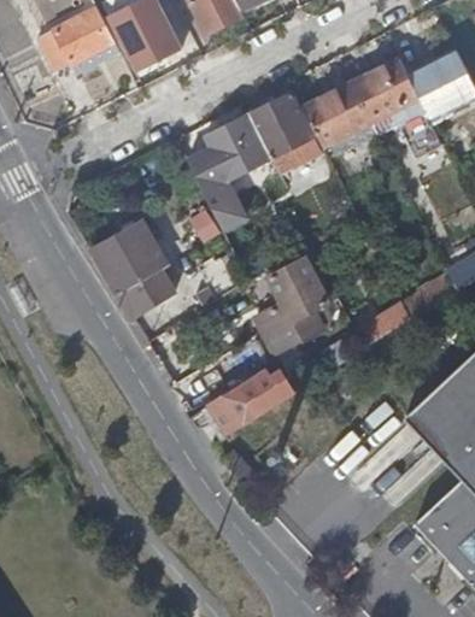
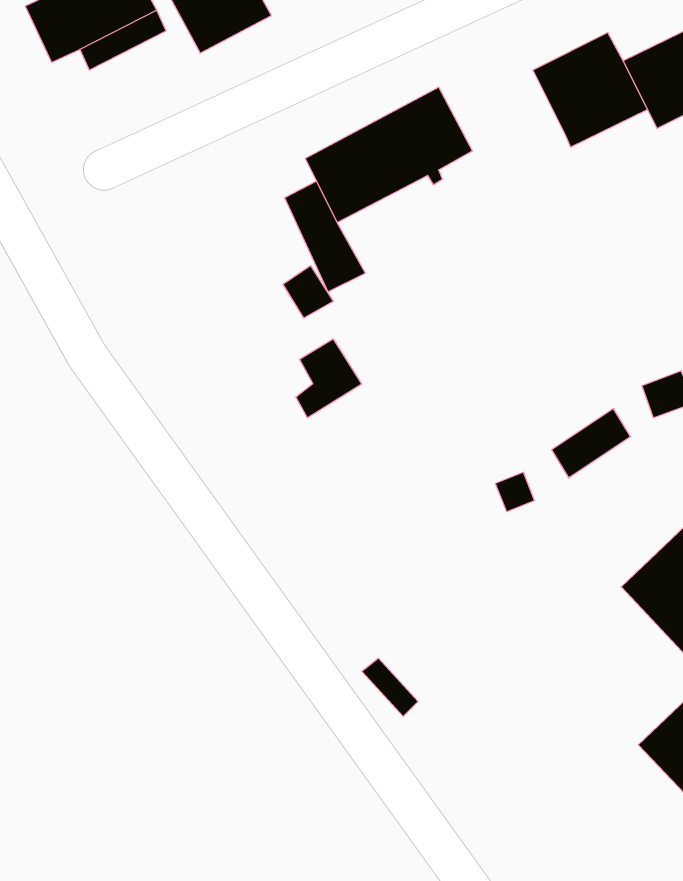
building: [301,83,370,148] -> none
building: [90,224,171,317] -> none
building: [256,248,324,349] -> none
building: [206,376,297,435] -> none

